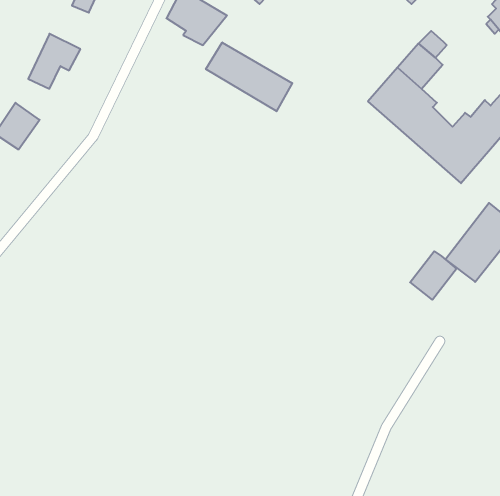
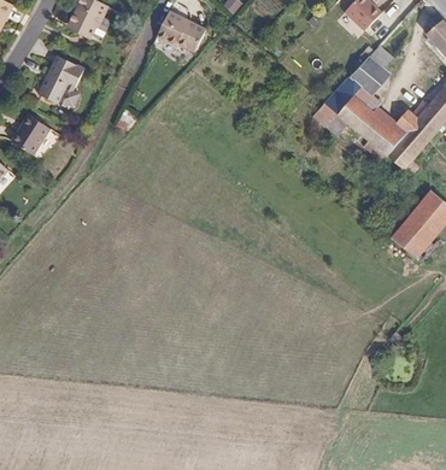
building: [206,42,292,111] -> none
building: [410,251,457,300] -> none

